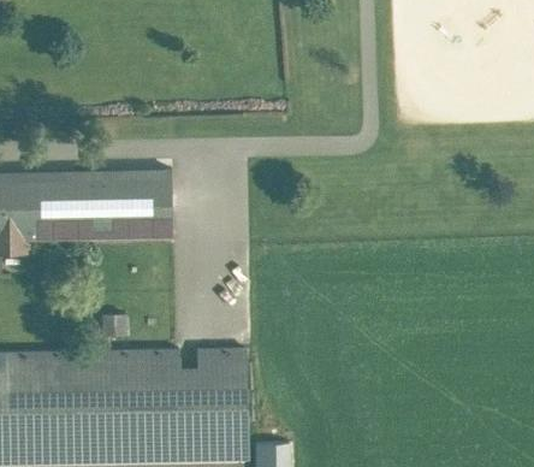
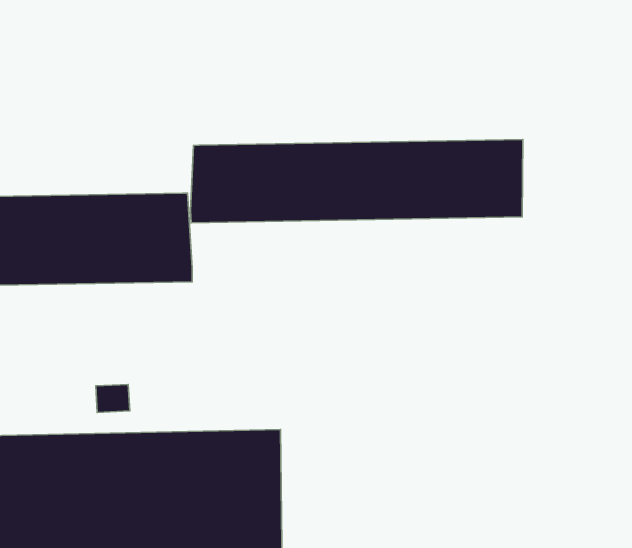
building: none -> [191,140,523,223]

